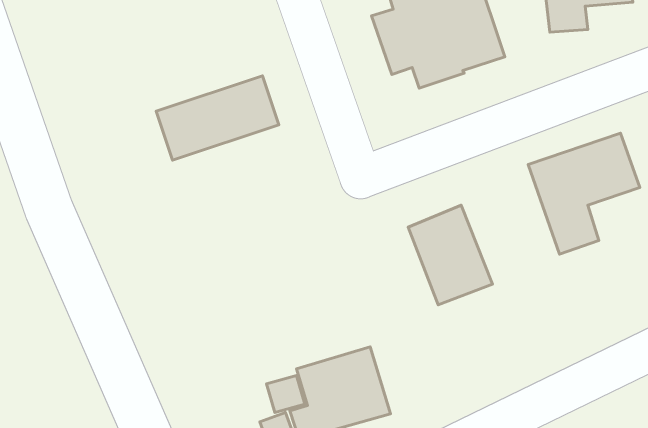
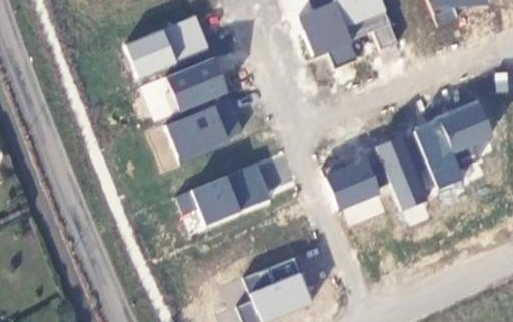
building: none -> [124,17,210,74]
building: none -> [167,101,245,155]
building: none -> [379,134,425,210]
building: none -> [174,159,273,233]

